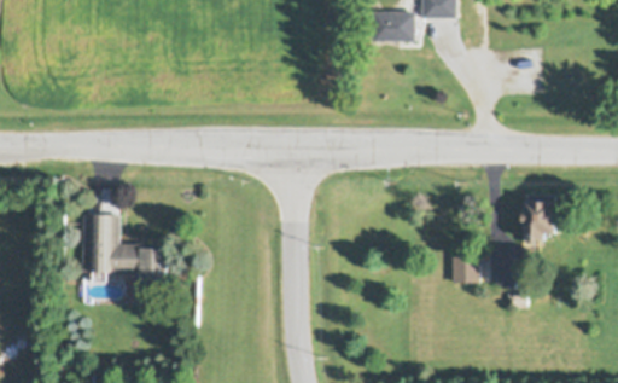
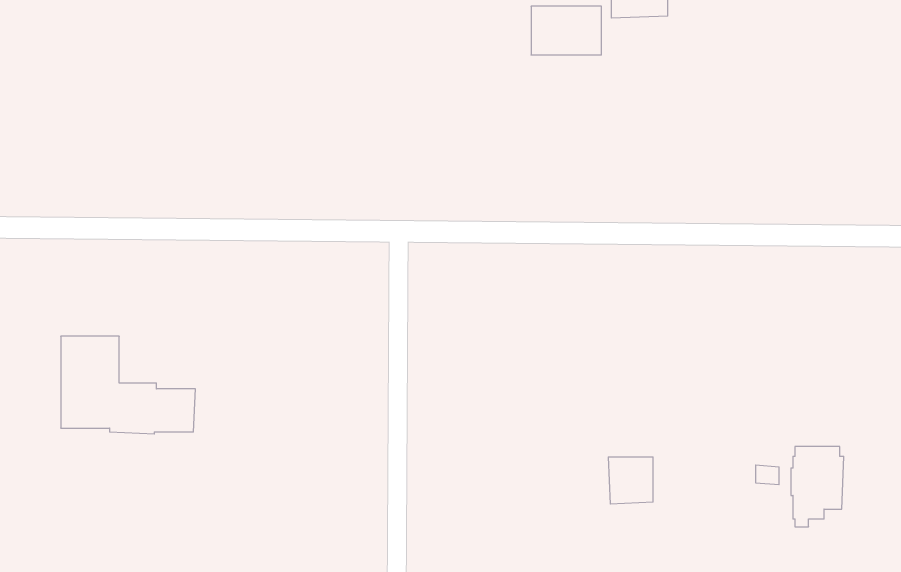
building: [524,195,556,244] -> [791,447,844,527]
building: [451,254,479,283] -> [608,457,653,504]

